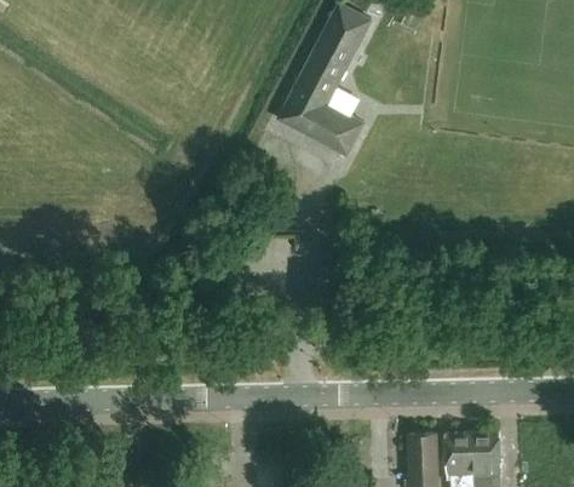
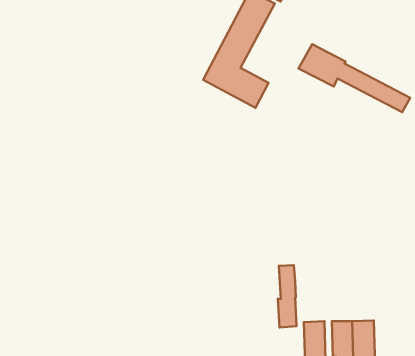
building: none -> [299,44,410,112]
building: none -> [278,265,297,327]

